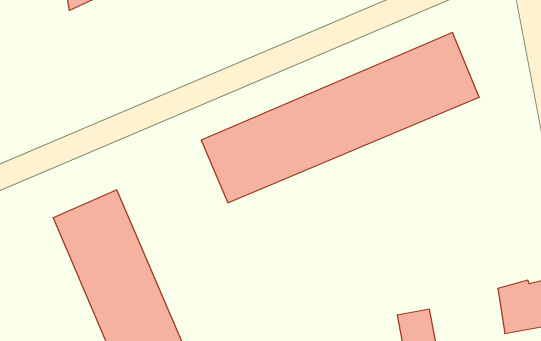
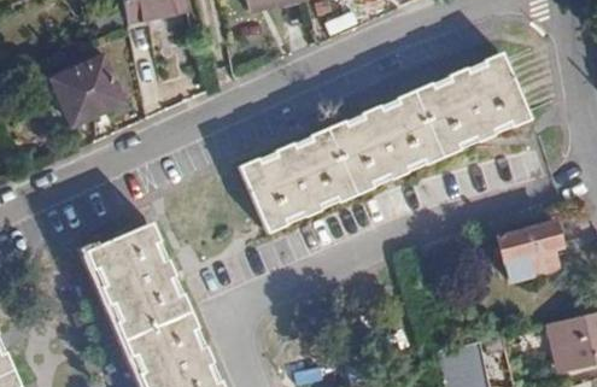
building: none -> [52,55,121,117]
building: none -> [499,223,561,282]

